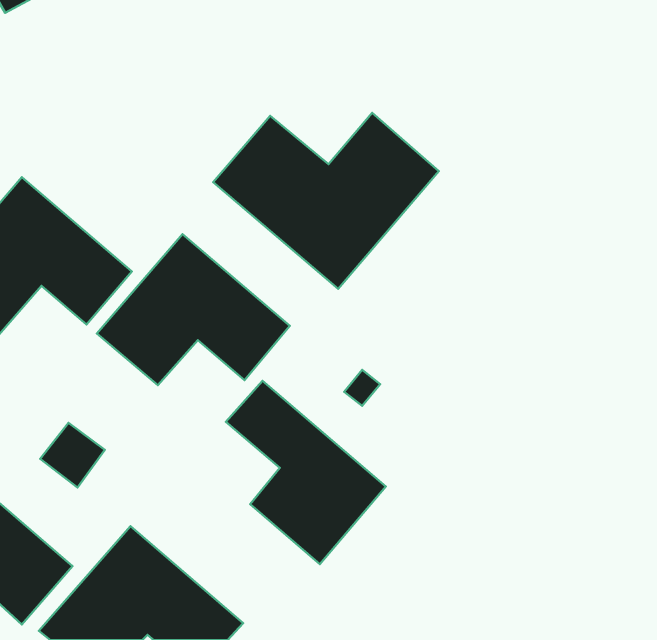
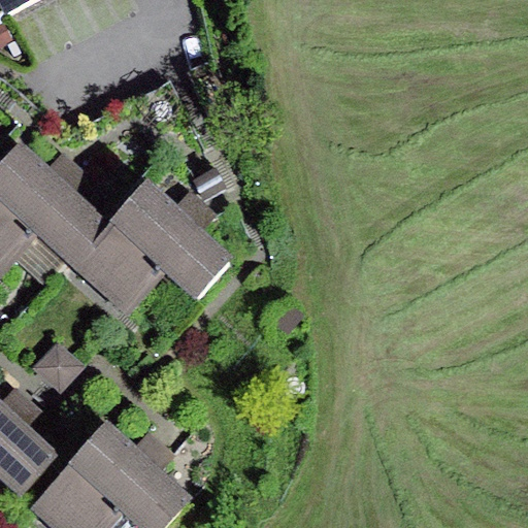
building: [213,113,439,289] -> none
building: [226,381,386,564] -> none

